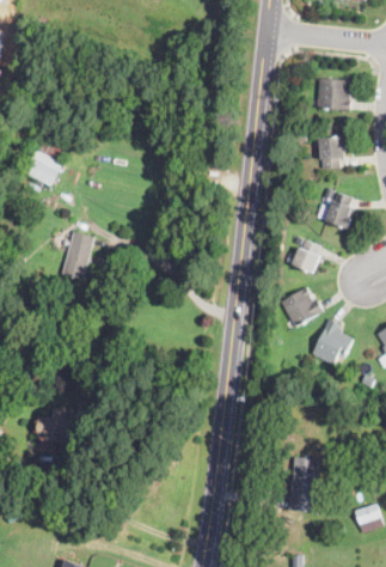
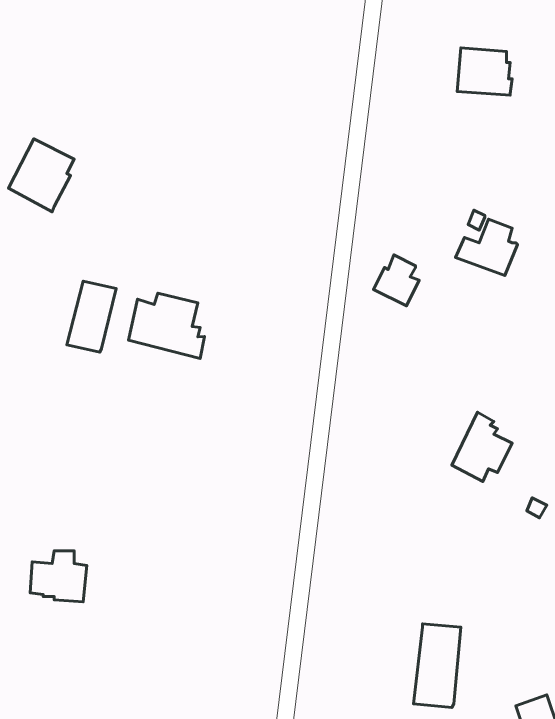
building: [318,136,344,169] -> none
building: [292,239,321,273] -> [374,255,419,306]
building: none -> [129,293,204,358]
building: [280,287,323,328] -> none

